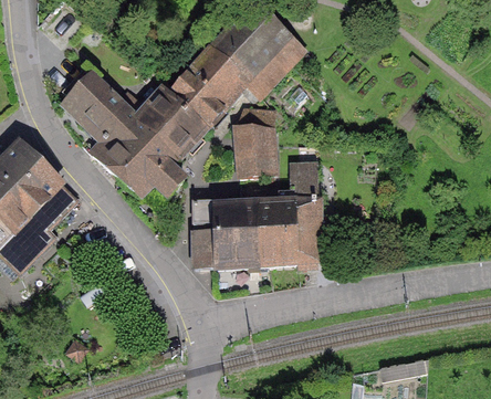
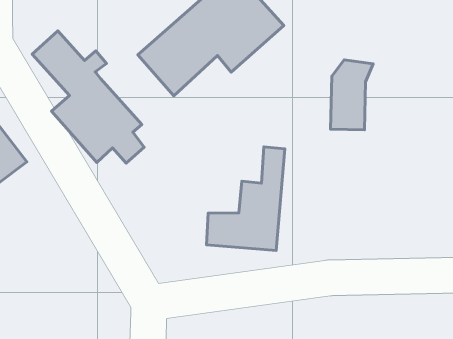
building: [134,86,205,156] -> none
building: [234,107,272,174] -> [330,60,373,130]
building: [191,195,276,265] -> none

